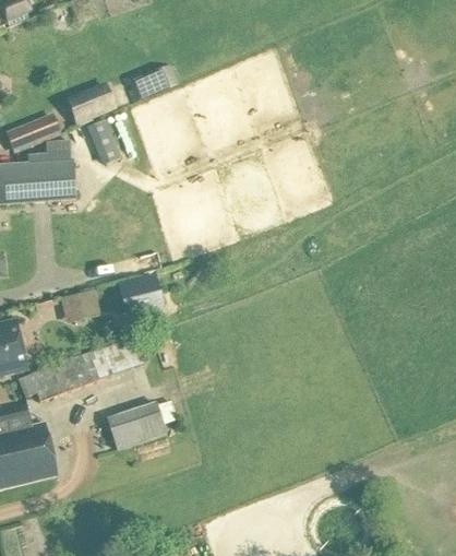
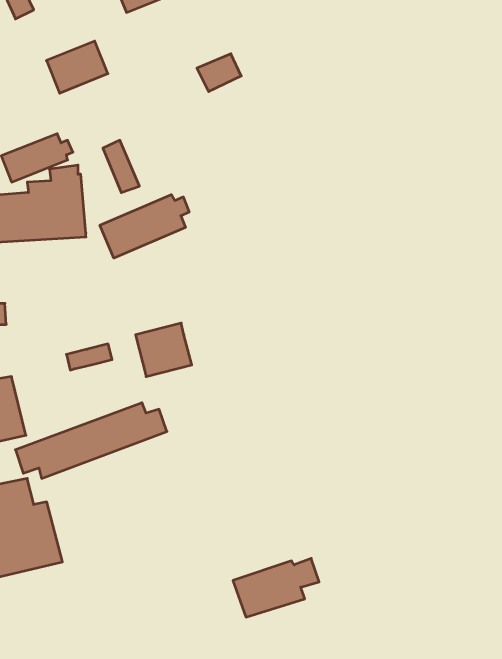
building: [132,67,169,98] -> [197,54,241,92]
building: [64,81,116,125] -> [46,41,108,93]
building: none -> [100,195,189,258]
building: [105,399,177,448] -> [233,558,319,617]

